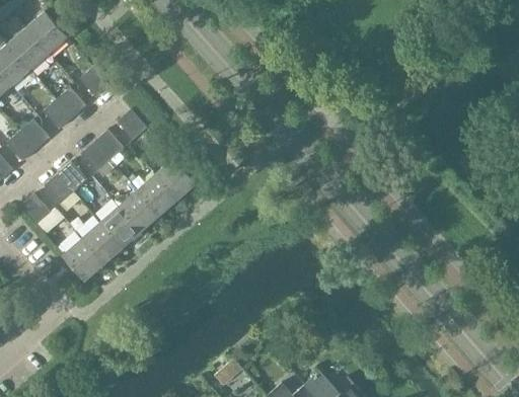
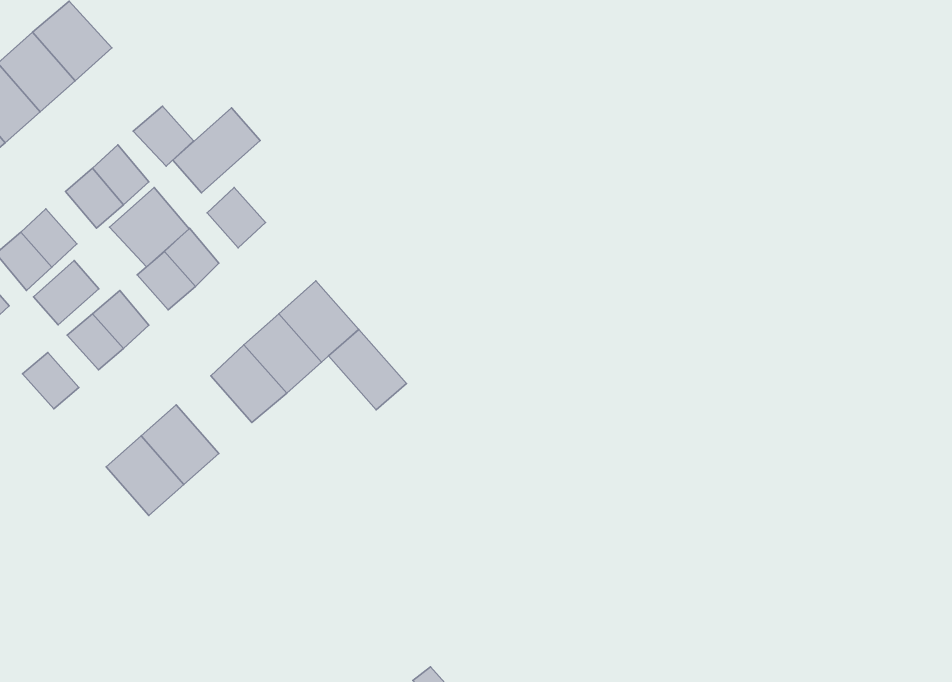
building: none -> [173,108,260,193]
building: none -> [110,188,189,267]
building: none -> [33,261,99,325]
building: none -> [329,330,406,410]
building: [98,209,138,249] -> none

